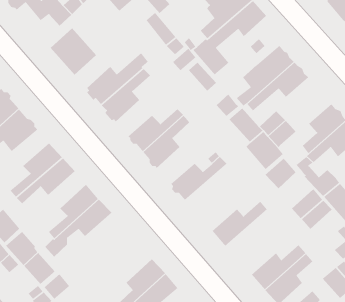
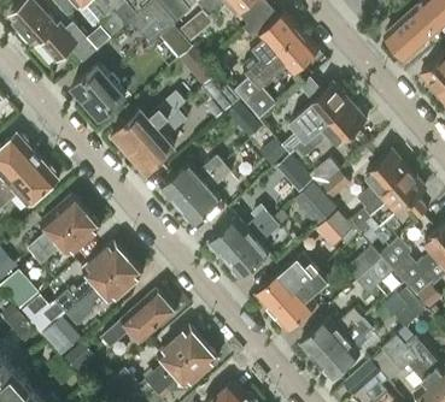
building: none -> [226,219,280,279]
building: none -> [271,271,328,330]
building: none -> [100,289,176,348]

